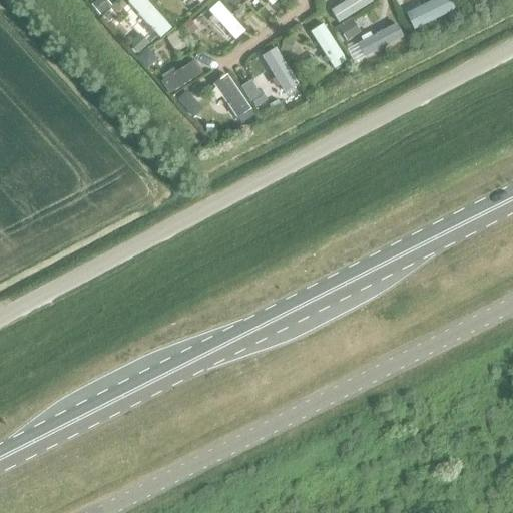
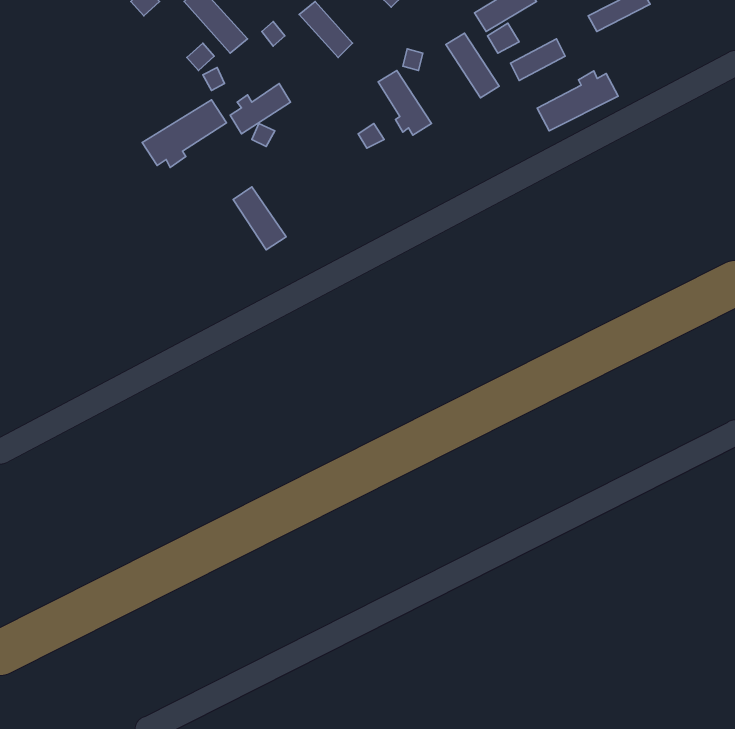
building: none -> [537,71,618,131]
building: none -> [142,100,227,168]
building: [214,74,251,118] -> [233,187,286,250]

